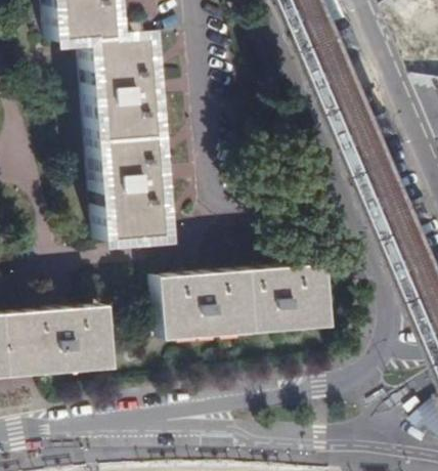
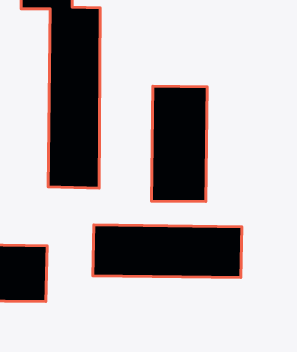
building: none -> [151,86,207,202]

